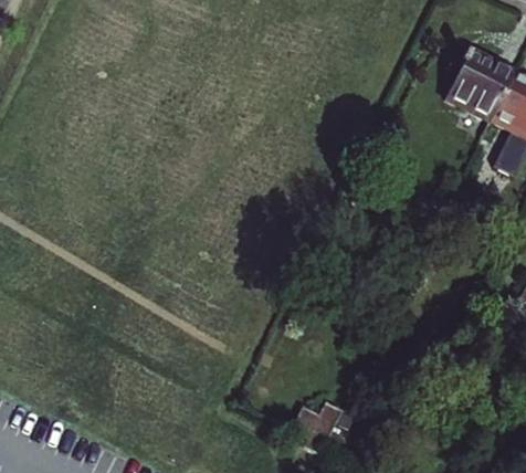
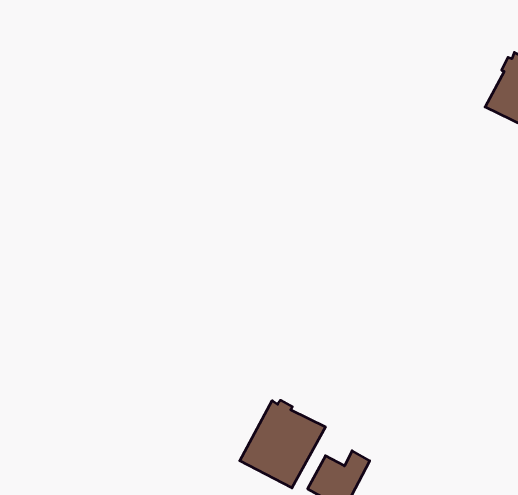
building: none -> [240,400,325,488]

